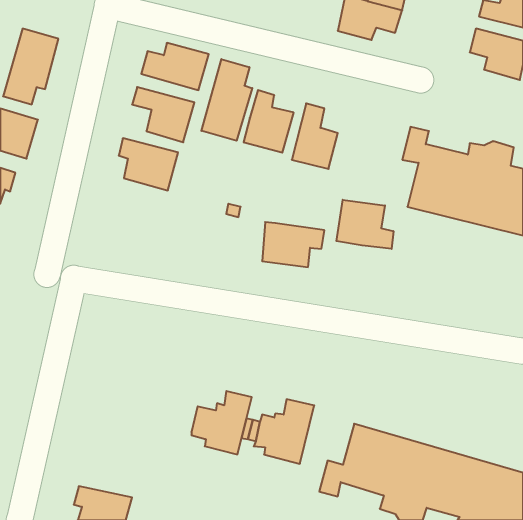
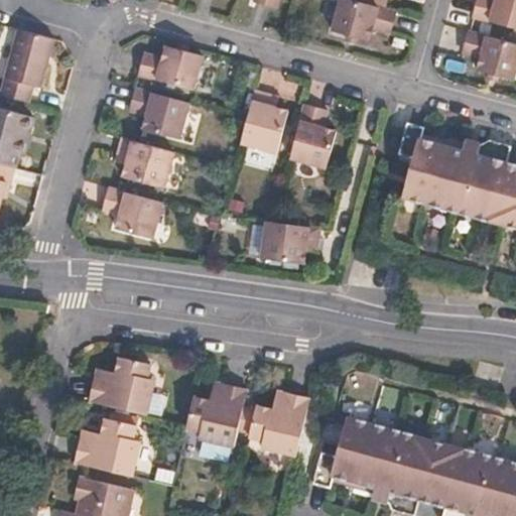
building: [201,59,252,141] -> none
building: none -> [105,186,164,239]
building: [336,200,393,249] -> none
building: none -> [89,355,153,415]
building: none -> [75,416,139,477]

